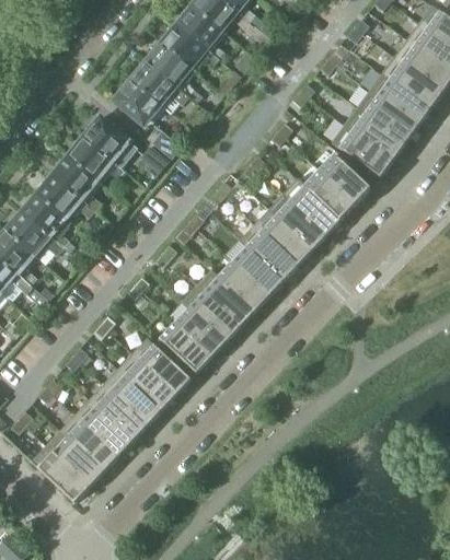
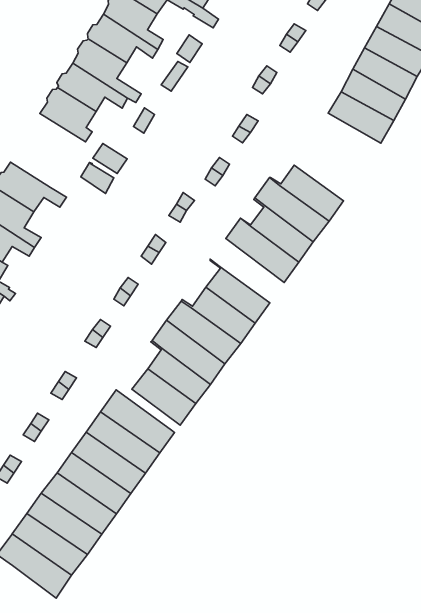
building: [83,116,134,161] -> none
building: [339,129,393,177] -> none
building: [319,153,371,203] -> none
building: [239,222,298,280] -> none

